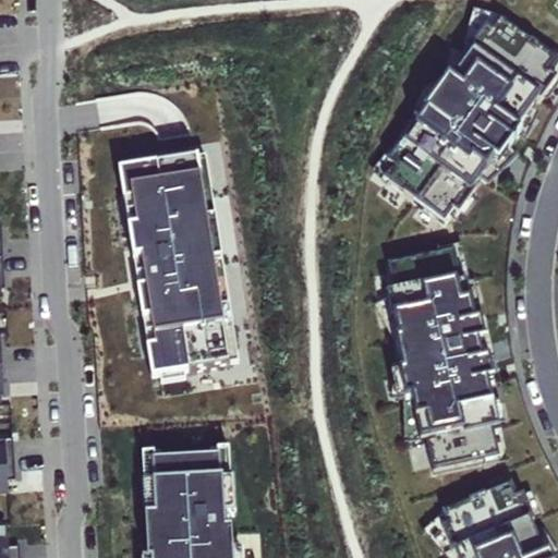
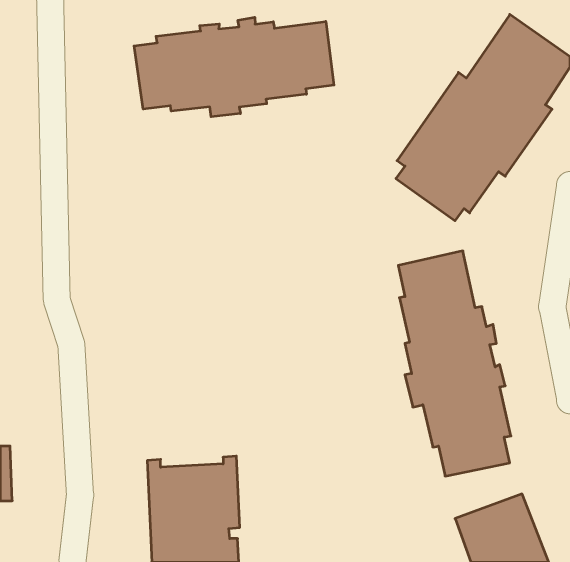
building: none -> [134,17,334,117]
building: [119,155,230,371] -> none

